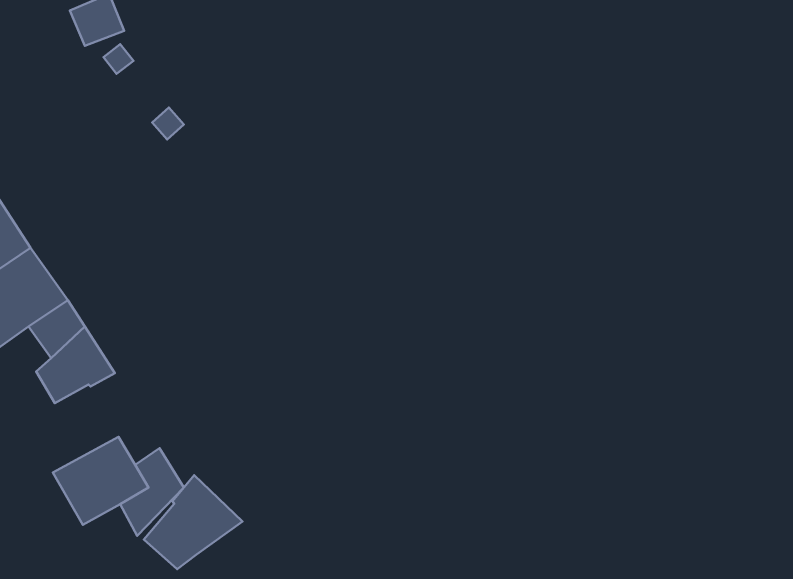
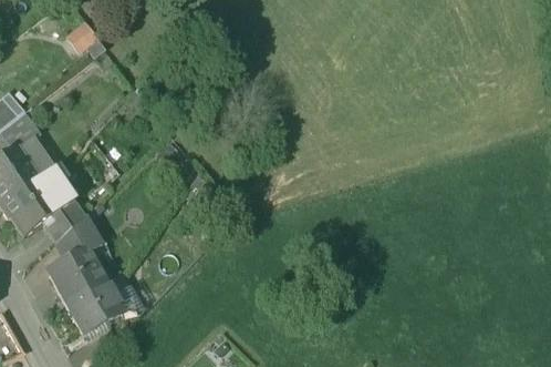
building: none -> [49,248,104,300]
building: [144,475,242,569] -> none

